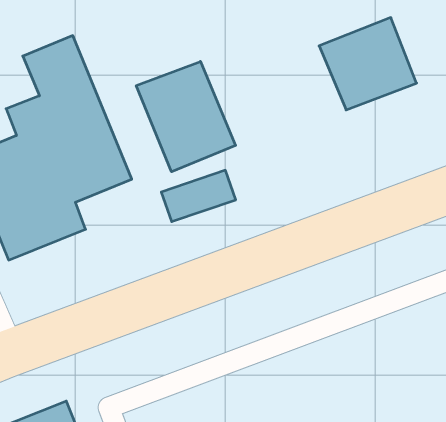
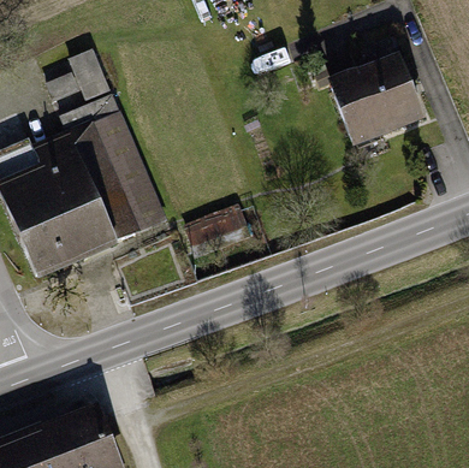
building: [136,61,236,172] -> none

